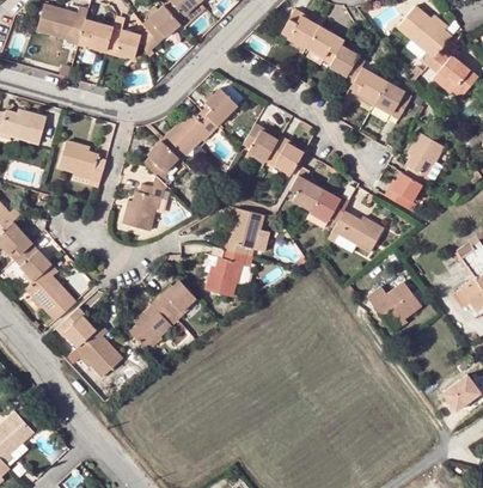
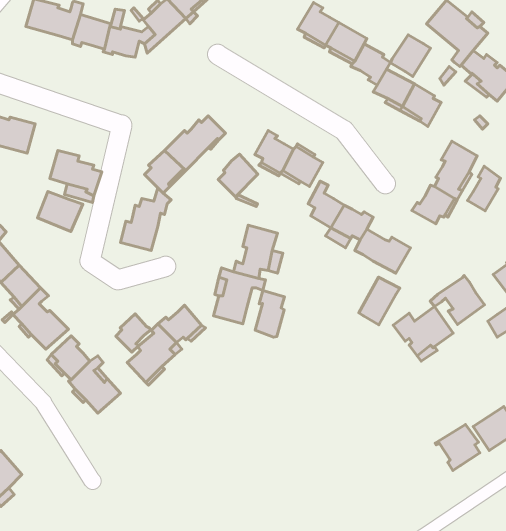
building: none -> [390,35,431,76]
building: [201,87,237,126] -> [218,154,258,197]
building: none -> [468,166,501,211]
building: none -> [37,191,83,231]
building: none -> [430,276,484,324]
building: none -> [359,277,400,325]
building: none -> [255,290,285,337]
building: none -> [116,314,151,352]
building: none -> [435,424,480,470]

